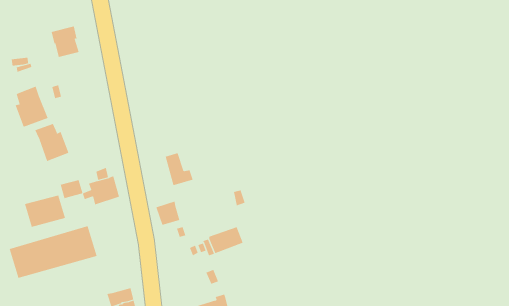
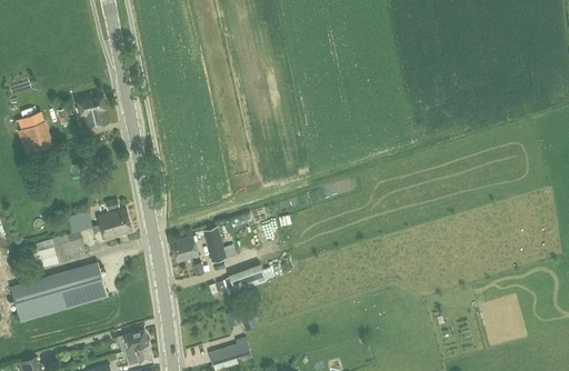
building: [51,26,79,57] -> [76,93,107,128]
building: [35,123,69,162] -> none
building: [165,152,193,186] -> [202,225,233,262]

